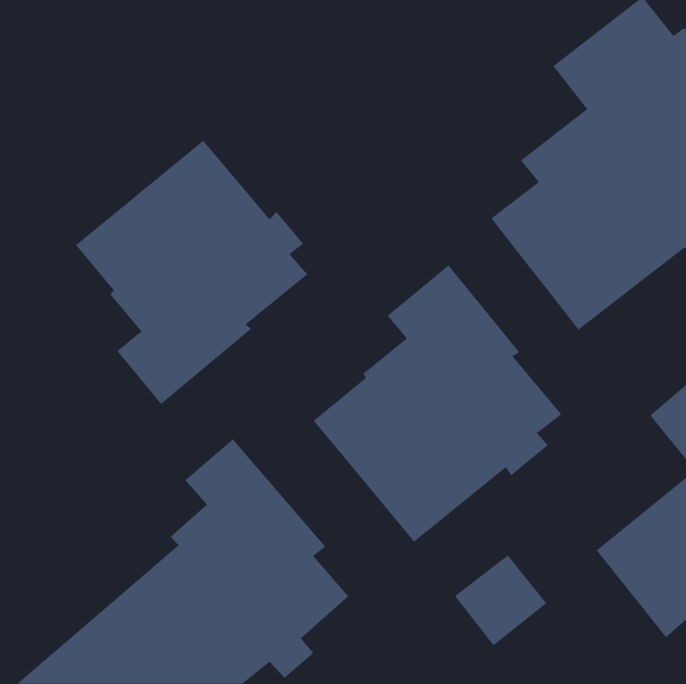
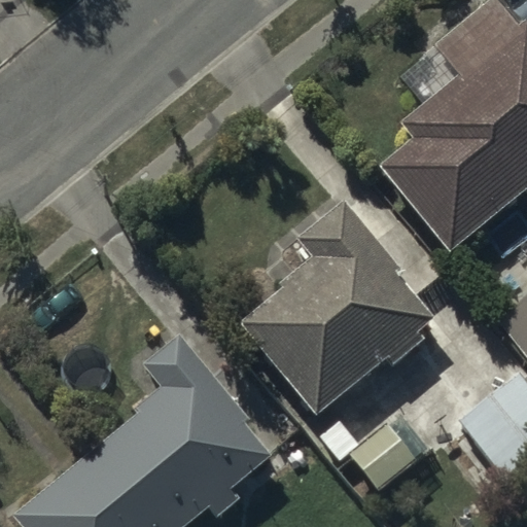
building: [75,140,308,405] -> none

